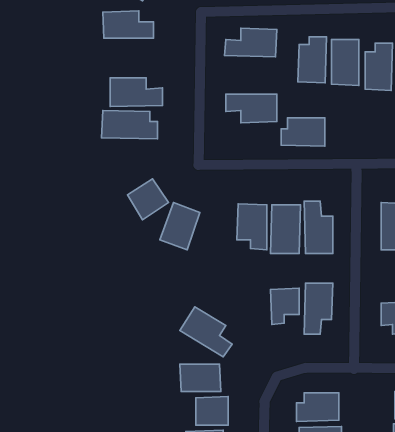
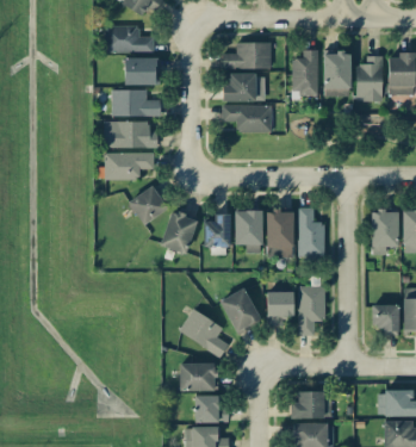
building: none -> [124,57,159,85]
building: [281,118,325,146] -> [223,74,265,101]
building: none -> [105,153,154,180]
building: none -> [204,213,231,247]
building: none -> [219,287,261,333]

